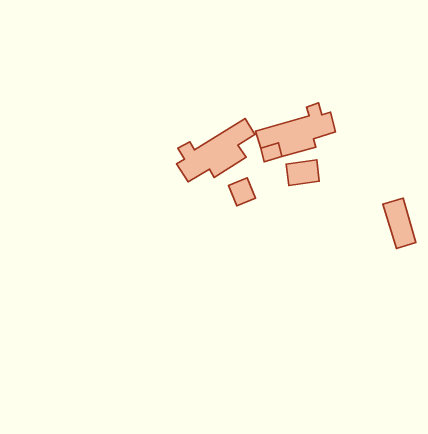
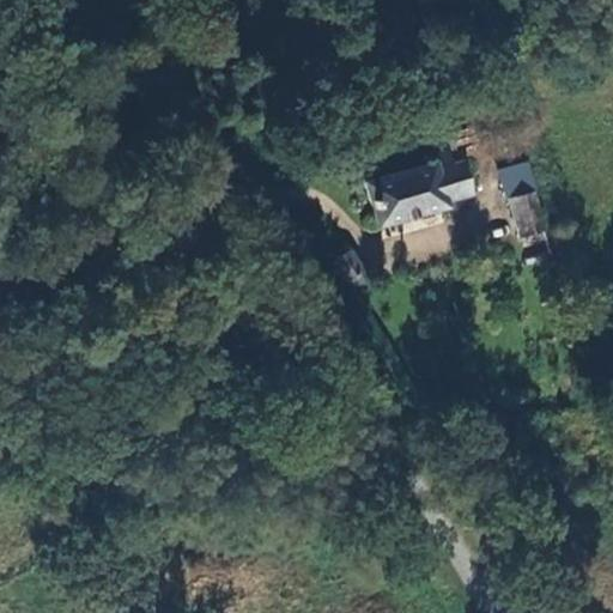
building: [177,119,255,182] -> none
building: [383,198,416,248] -> [499,165,546,236]

